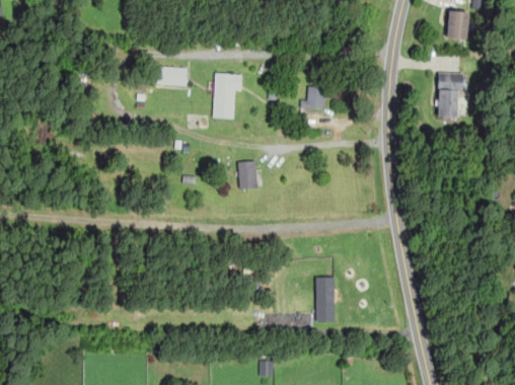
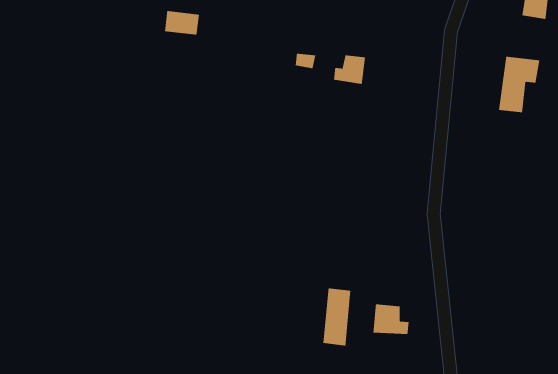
building: [214,74,240,119] -> none
building: [239,161,256,189] -> none
building: none -> [373,304,409,335]

